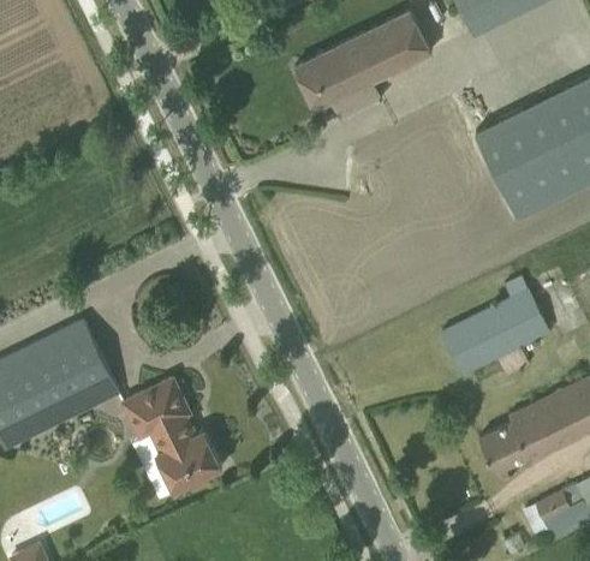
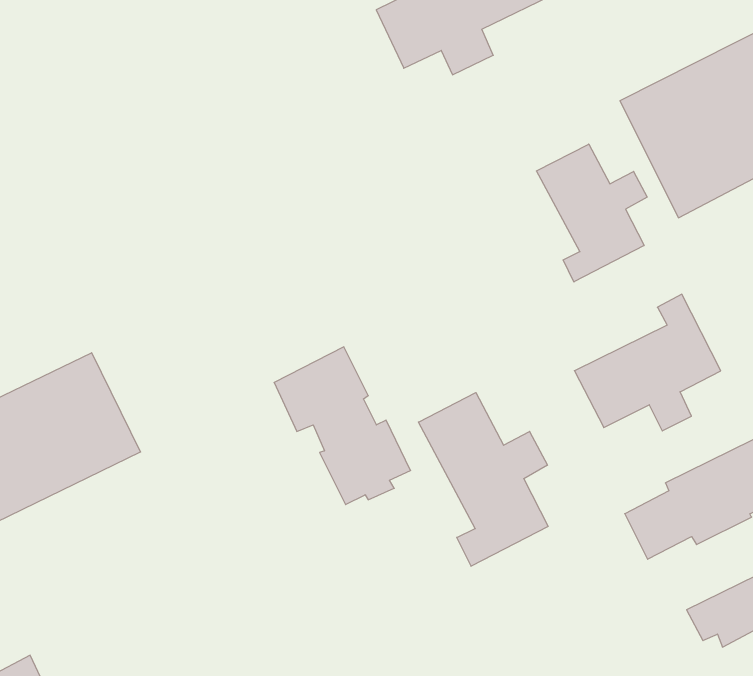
building: none -> [536,144,647,282]
building: none -> [418,393,548,566]
building: [120,378,221,495] -> [274,347,411,505]

